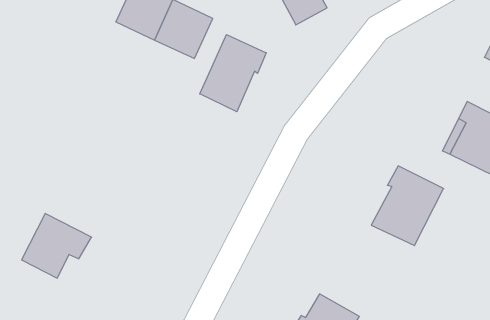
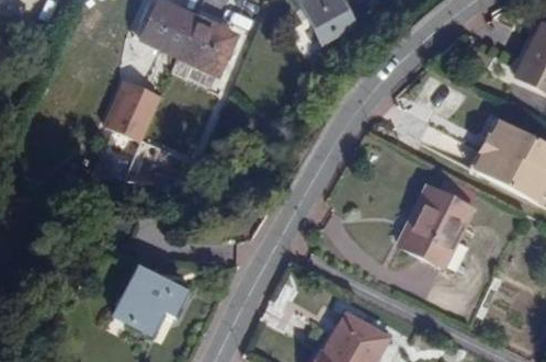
building: [200,35,266,112] -> none
building: none -> [106,81,160,140]
building: [22,214,92,278] -> [110,267,181,332]

